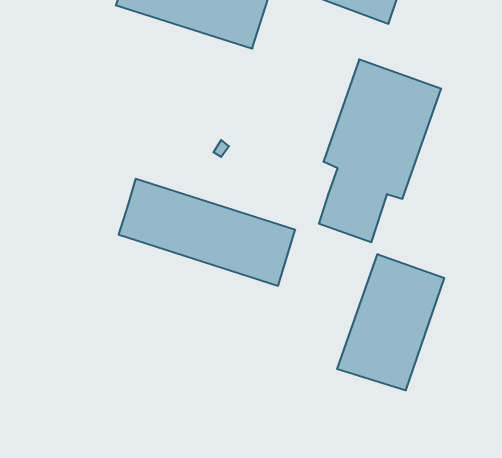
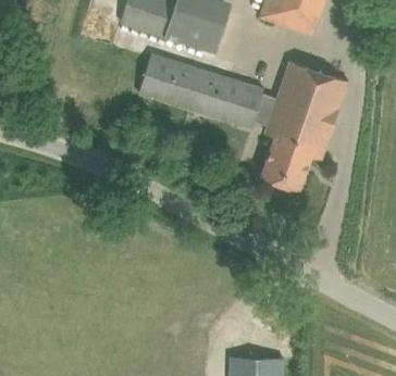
building: [119,179,295,286] -> [138,52,262,127]
building: [337,254,444,390] -> none

